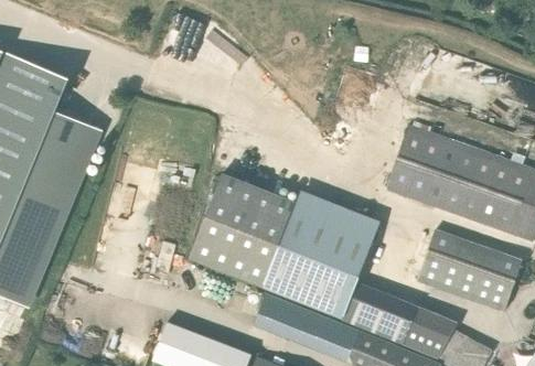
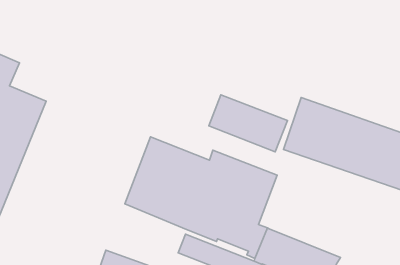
building: none -> [209,95,287,152]
building: [418,230,523,311] -> none

